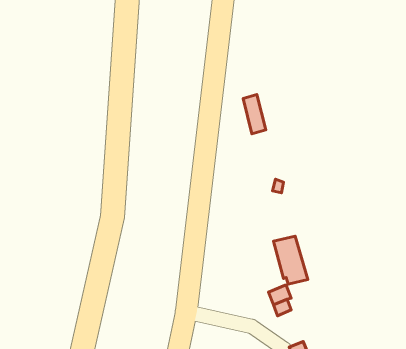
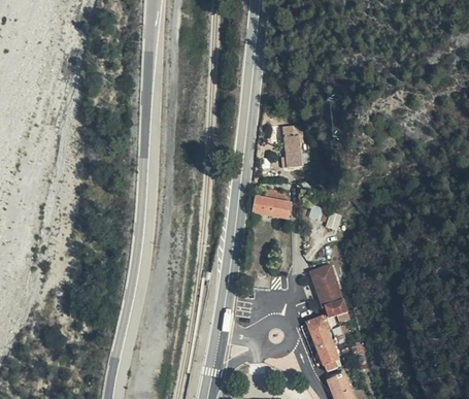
building: none -> [254,188,291,219]
building: none -> [315,342,341,373]

